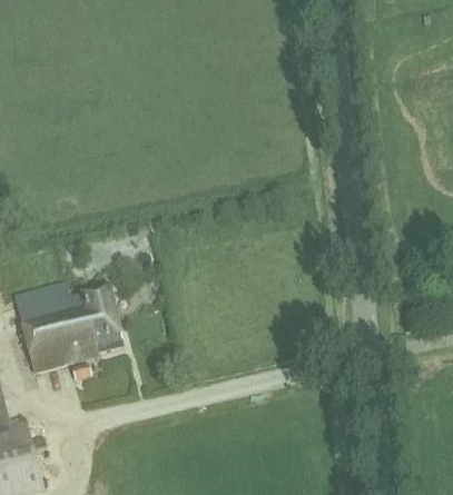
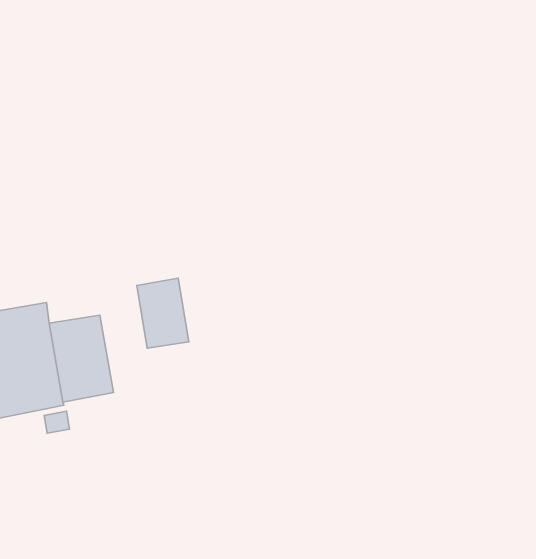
building: none -> [137,278,189,348]

